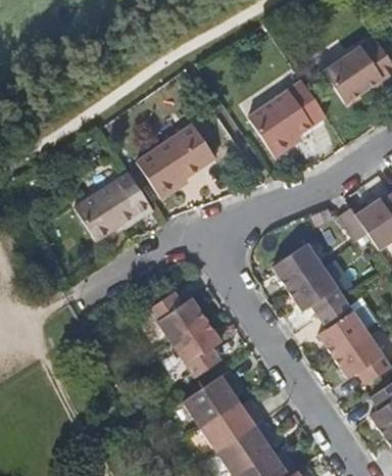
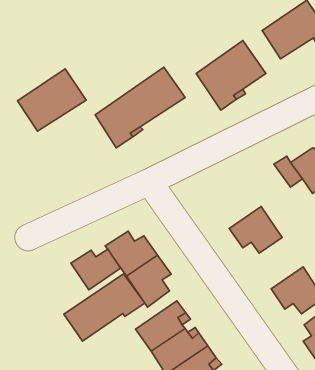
building: [75,172,151,241] -> [17,69,86,131]
building: [271,243,322,289] -> none
building: [317,299,369,356] -> none
building: none -> [71,249,121,290]
building: none -> [64,274,145,341]

